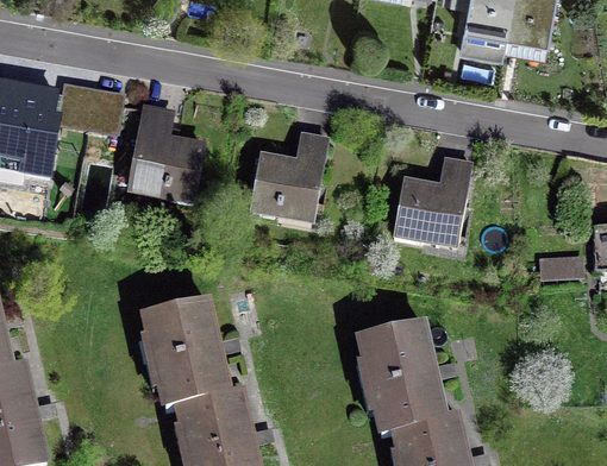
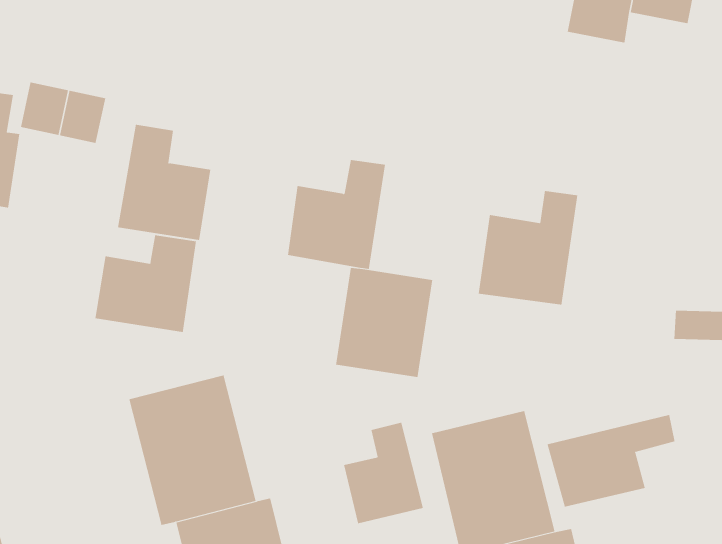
building: none -> [95,234,196,333]
building: none -> [335,267,433,378]
building: none -> [547,414,675,507]
building: none -> [344,422,424,524]

